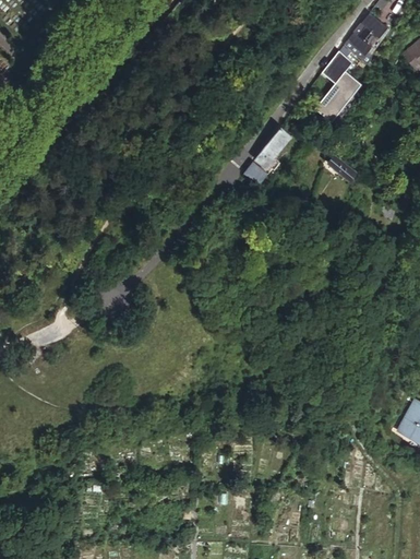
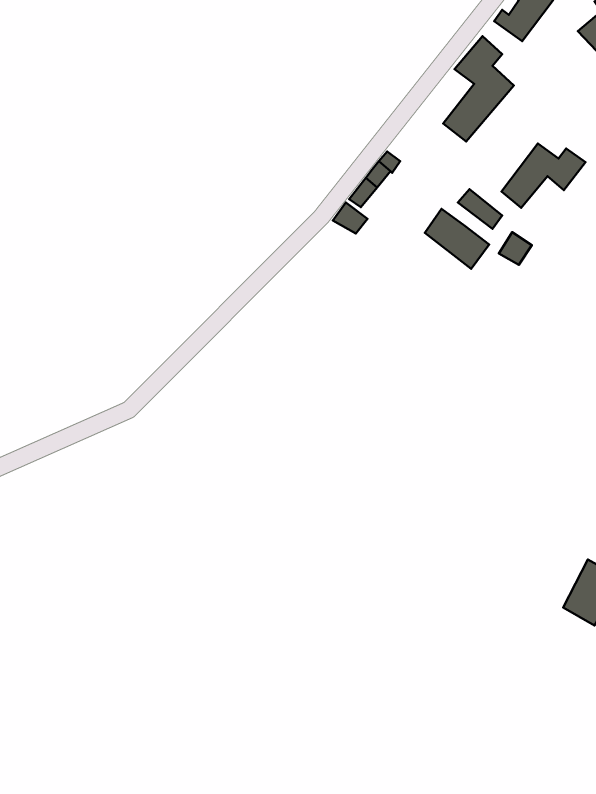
building: none -> [501,144,585,208]
building: none -> [425,209,489,269]

